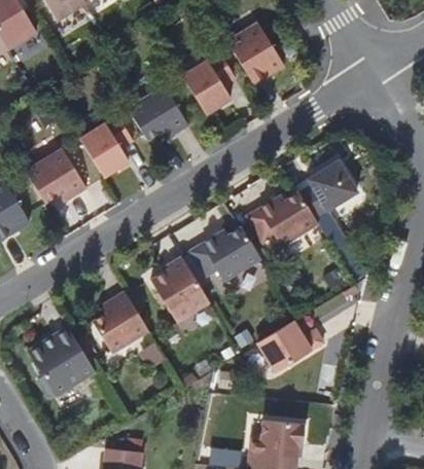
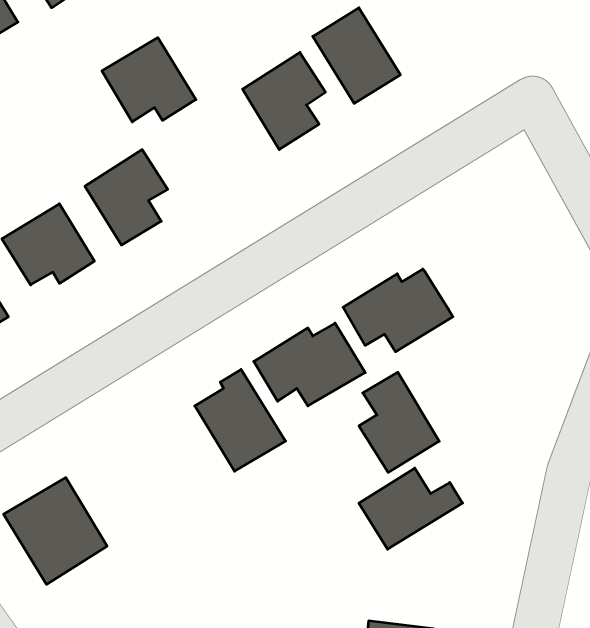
building: [127,86,187,141] -> [102,38,196,122]
building: [299,160,357,218] -> none
building: none -> [359,372,439,472]
building: [94,292,148,352] -> none

